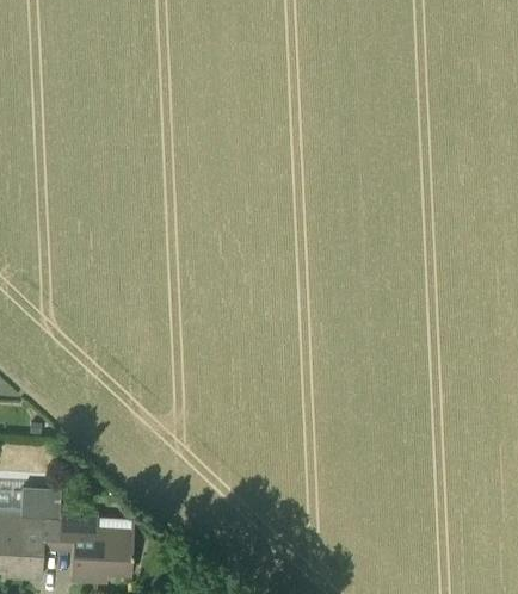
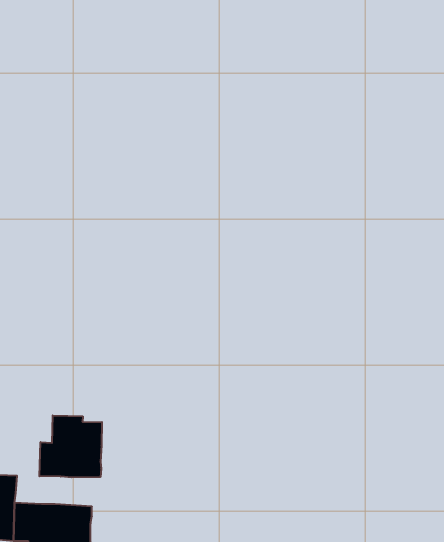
building: none -> [39,415,102,477]

